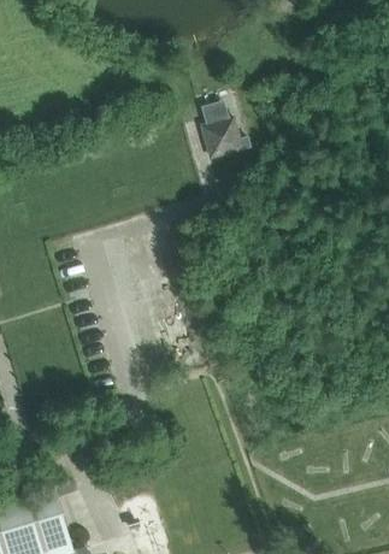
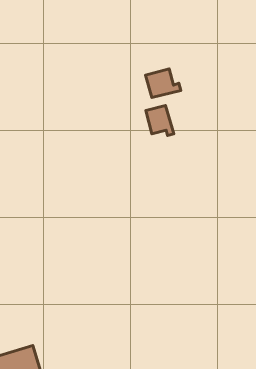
building: none -> [146,105,174,136]

